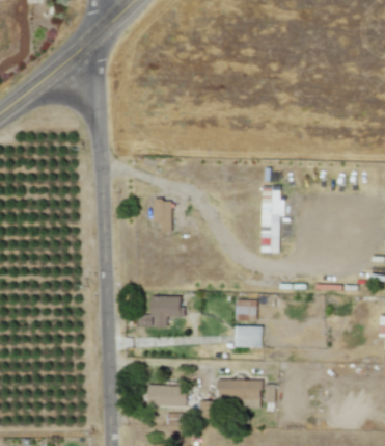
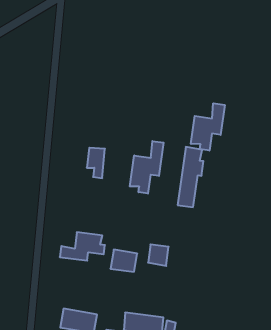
building: none -> [191,103,225,151]
building: none -> [130,141,164,194]
building: [236,325,264,347] -> [110,250,137,272]

